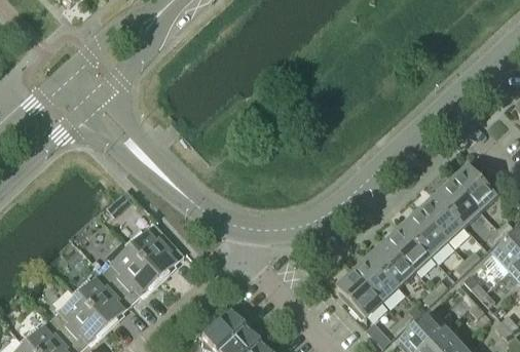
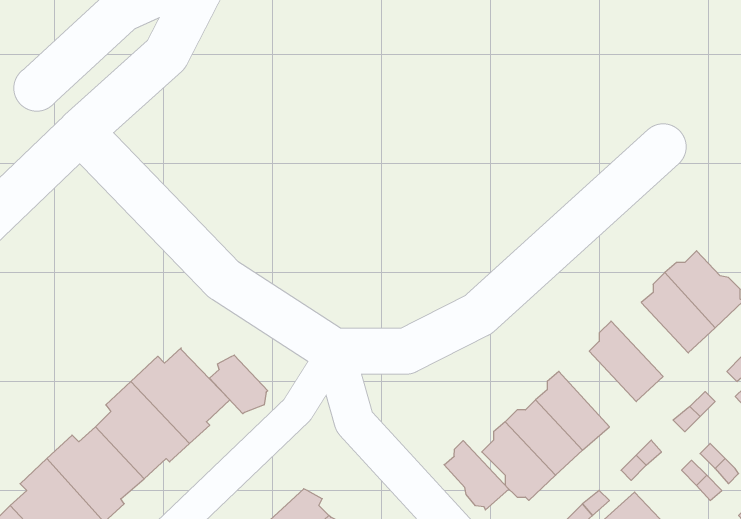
building: [417,195,465,240] -> none
building: [385,225,433,271] -> none
building: none -> [209,355,268,414]
building: none -> [444,441,509,510]

